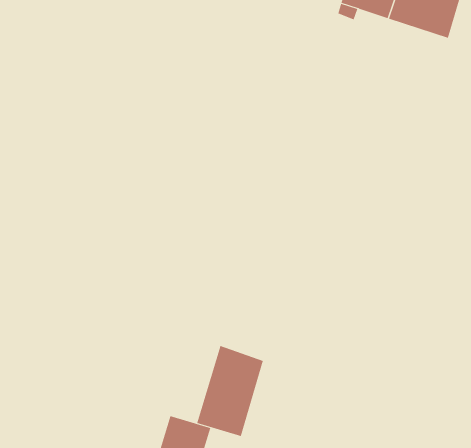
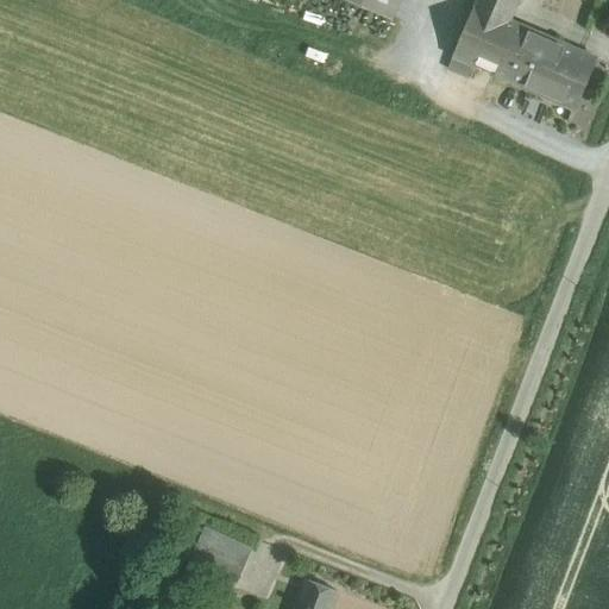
building: [196,345,264,437] -> none

